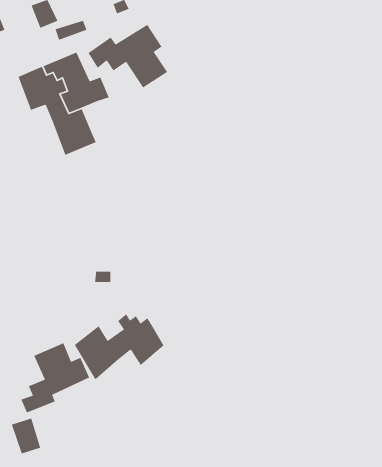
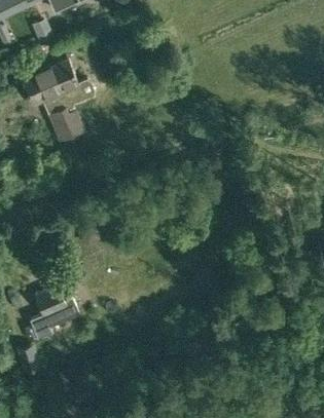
building: [87,24,168,89] -> none
building: [74,313,164,380] -> none

